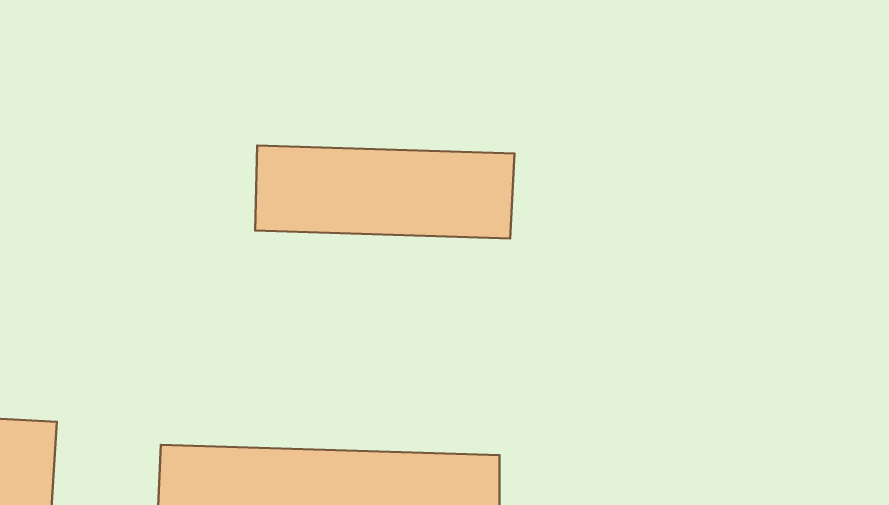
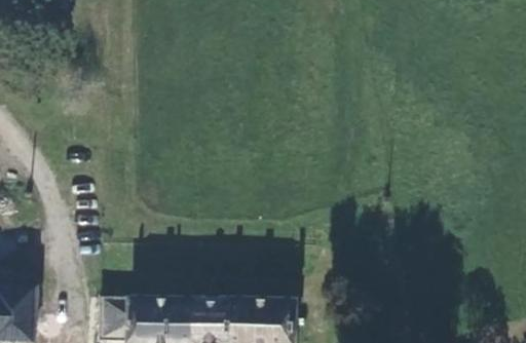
building: [255,146,515,238] -> none

